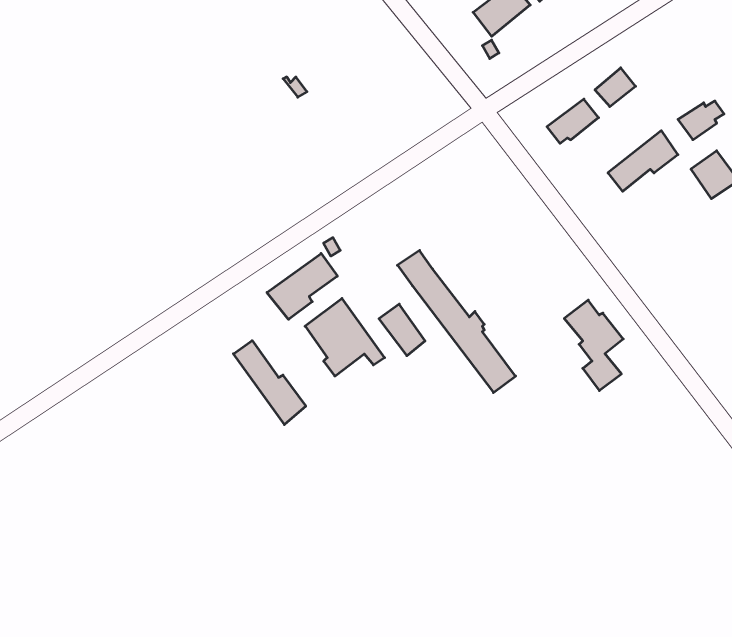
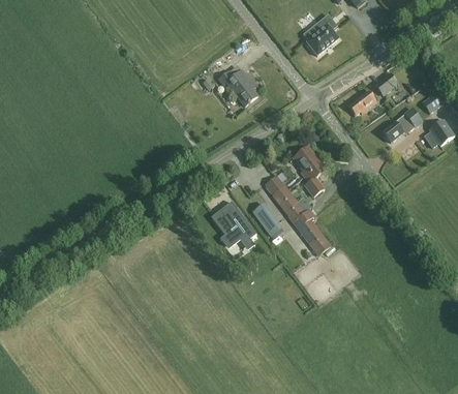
building: none -> [217,64,256,105]
building: [267,253,337,319] -> none
building: [564,300,623,391] -> [293,147,326,198]
building: [233,341,306,425] -> none

